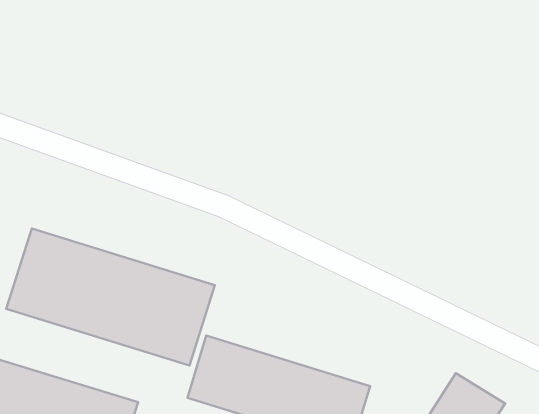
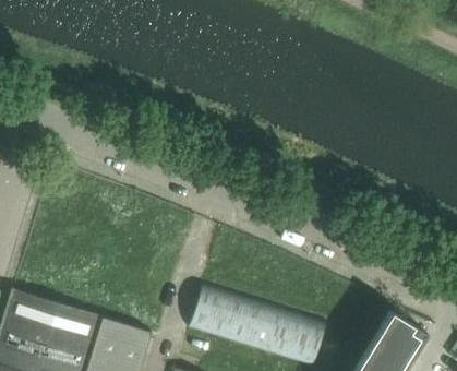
building: [6,228,215,366] -> none

